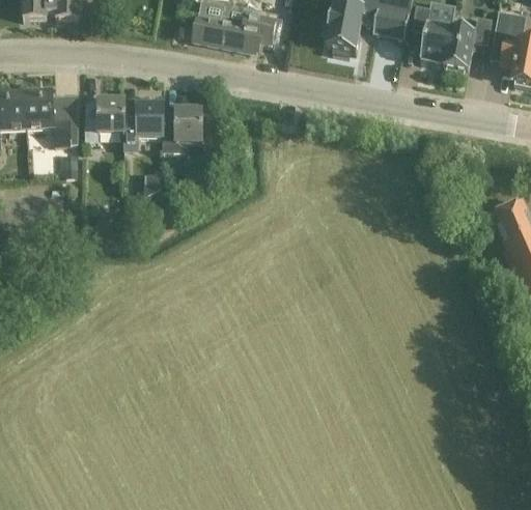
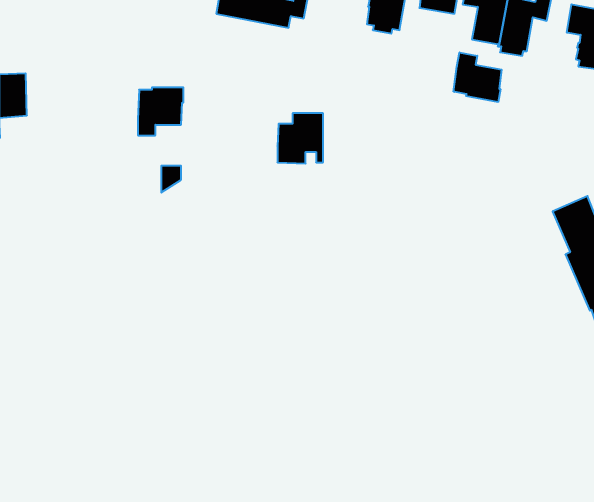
building: none -> [454,52,502,102]
building: [24,87,79,143] -> none
building: [85,96,125,140] -> none
building: [162,106,202,150] -> [277,113,323,164]

